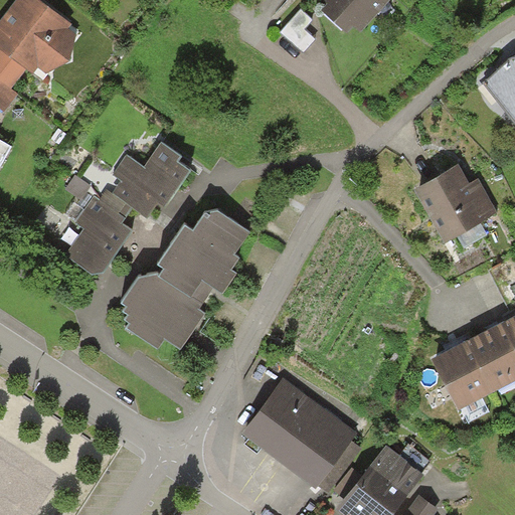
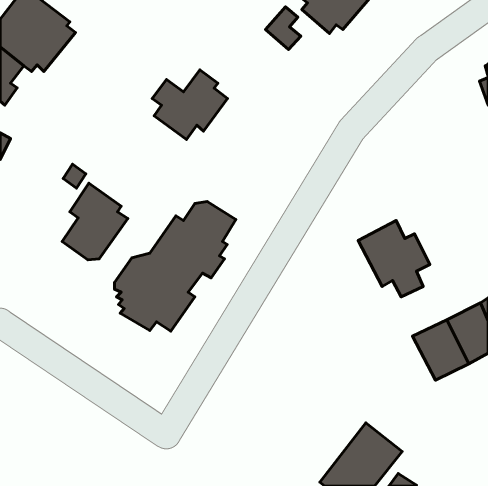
building: [111,143,190,216] -> [152,70,228,140]
building: [418,163,494,243] -> [358,220,430,297]
building: [244,384,354,489] -> none

